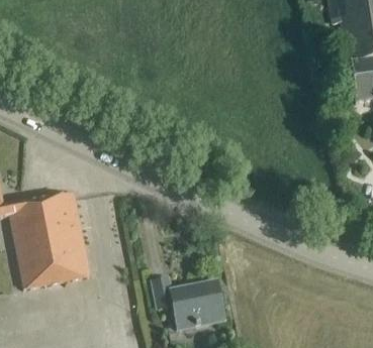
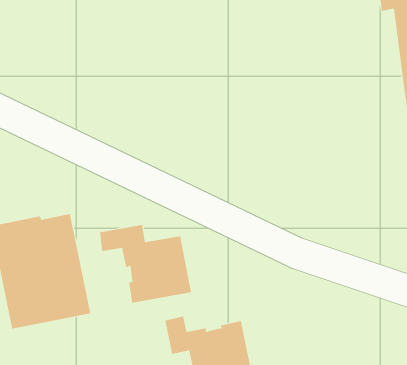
building: none -> [100,224,191,304]

